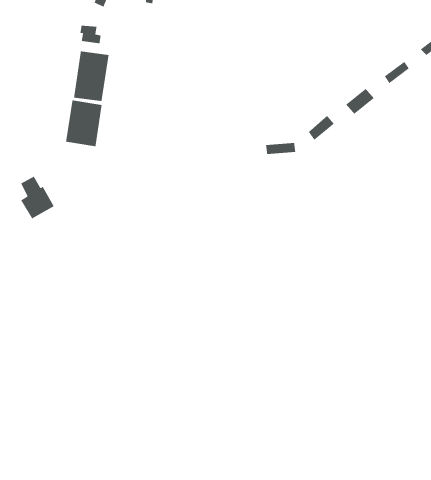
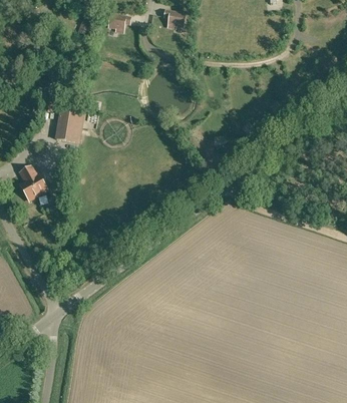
building: [73,51,109,102] -> none

